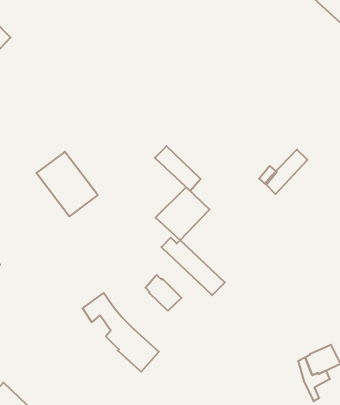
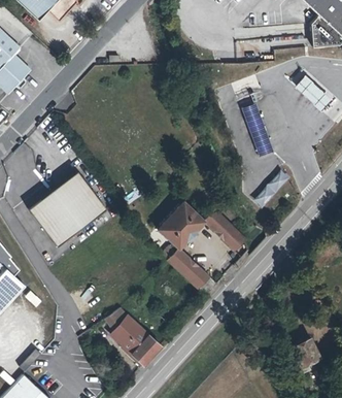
building: [155,146,201,191] -> [205,210,245,250]
building: none -> [29,189,82,246]
building: [145,275,182,311] -> none

